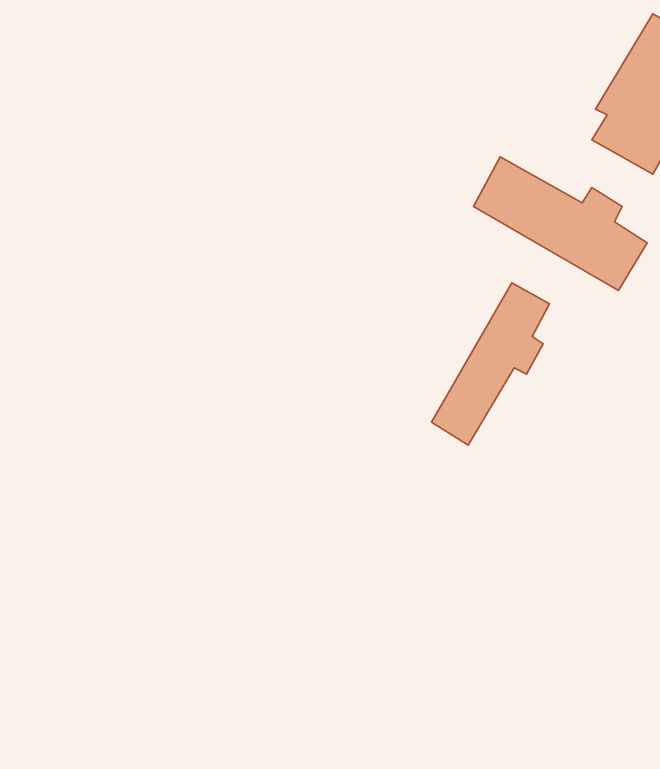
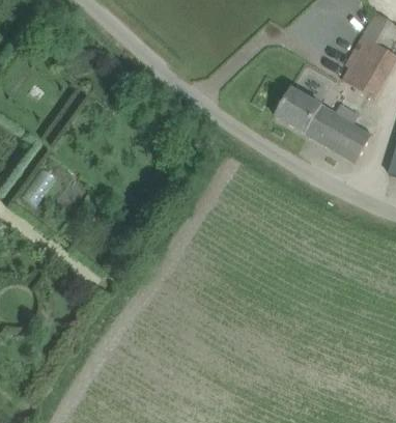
building: [431,283,549,445] -> none

